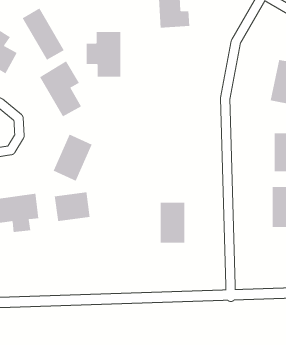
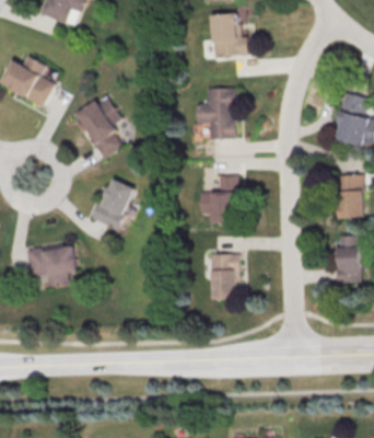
building: [22,8,64,61] -> none
building: [86,31,121,77] -> [196,88,235,139]
building: none -> [199,175,237,222]
building: [54,191,90,222] -> none

